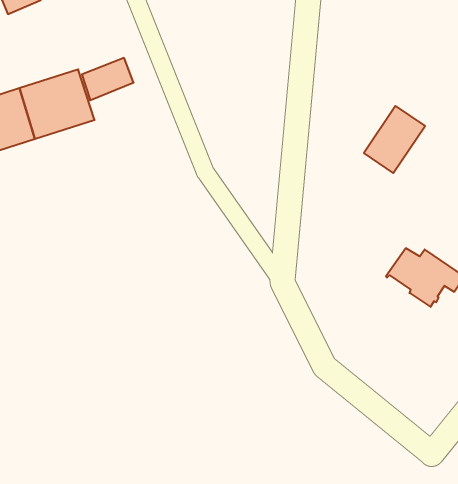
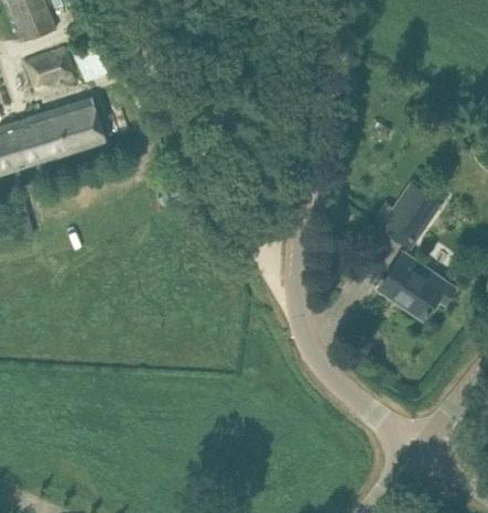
building: [82,58,134,100] -> [23,51,72,90]
building: [364,106,425,173] -> [381,186,438,249]

